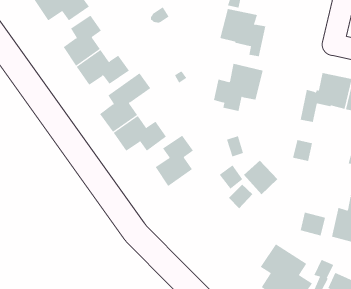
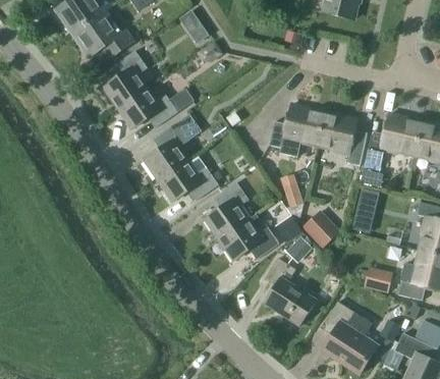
building: [220,8,266,57] -> [316,112,367,165]
building: none -> [219,214,278,260]
building: none -> [263,258,316,326]

